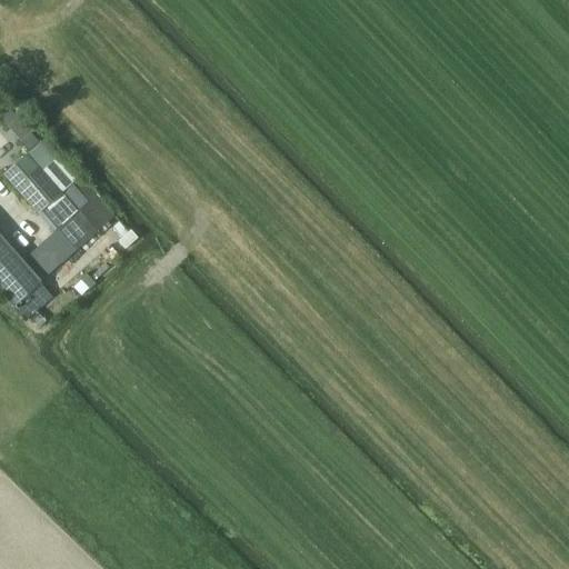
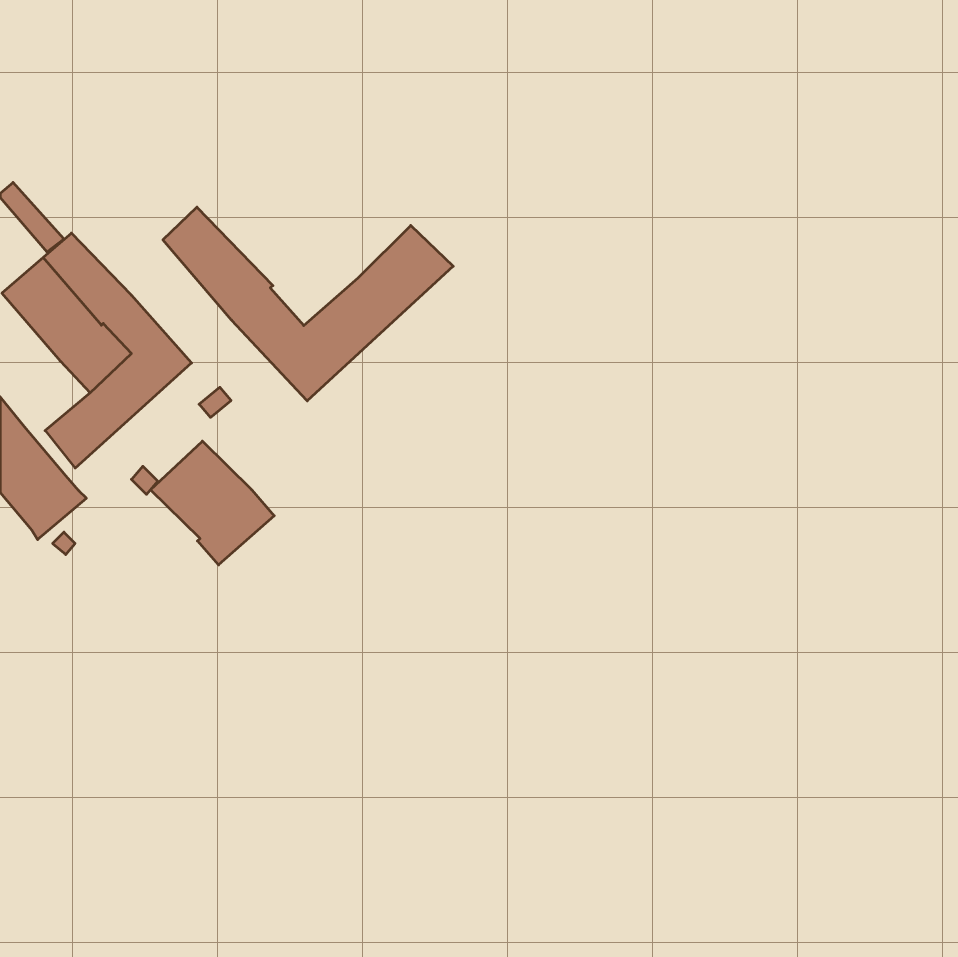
building: none -> [163,207,453,401]
building: none -> [151,441,274,565]

